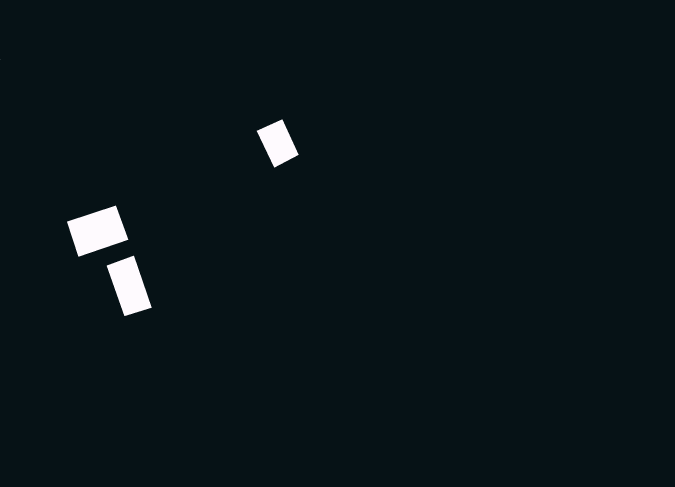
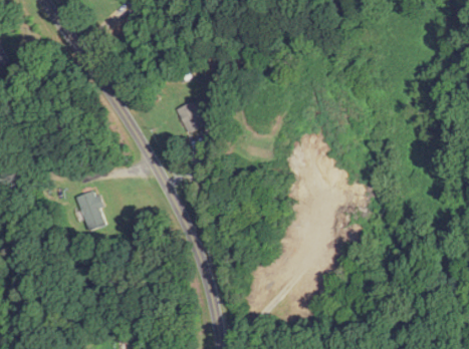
building: [66,205,129,258] -> none

